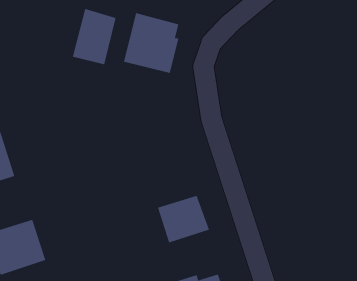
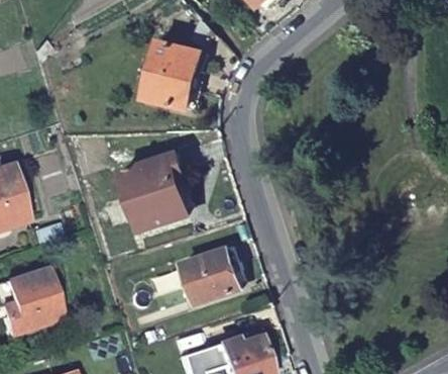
building: [72,8,116,65] -> none
building: none -> [123,151,193,225]

